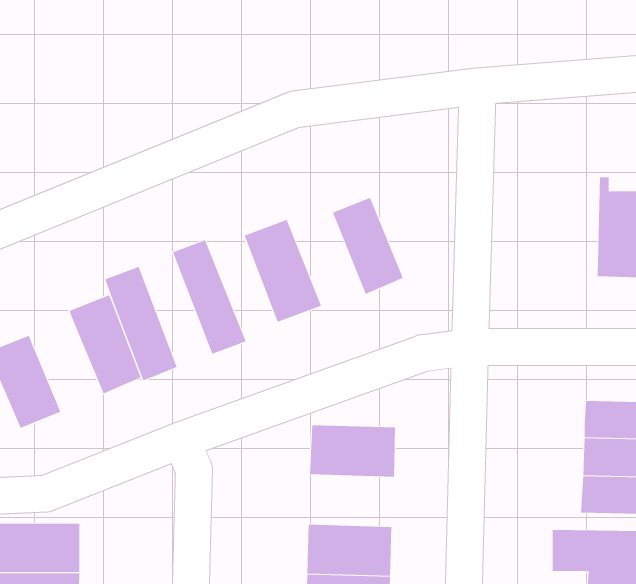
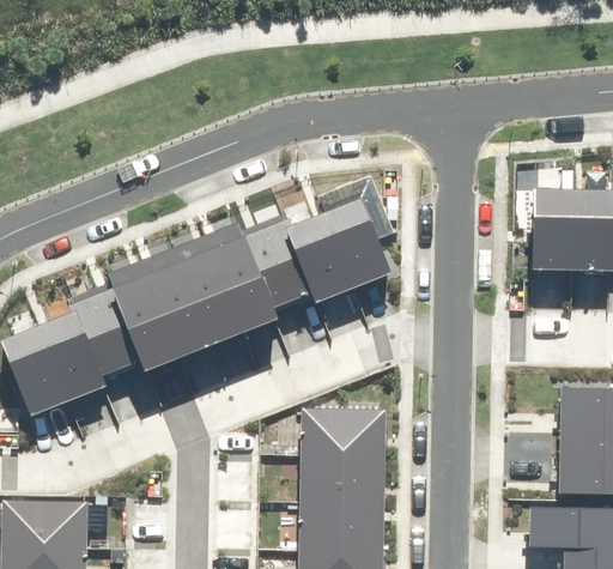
building: none -> [532,176,575,271]
building: none -> [286,211,356,303]
building: none -> [206,224,275,332]
building: none -> [144,248,212,356]
building: none -> [41,309,110,398]
building: none -> [302,456,383,506]

